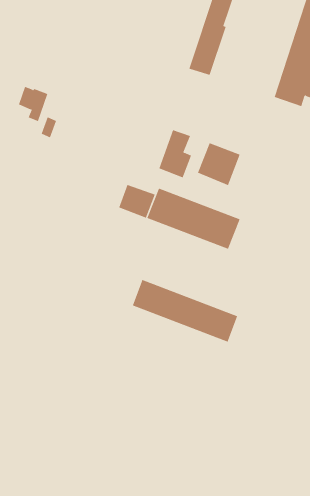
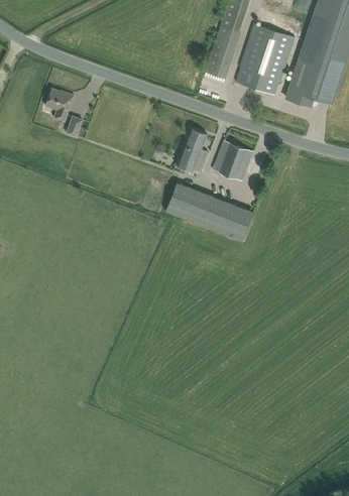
building: none -> [236,25,294,95]
building: [118,184,156,218] -> none
building: [132,279,238,342] -> none

